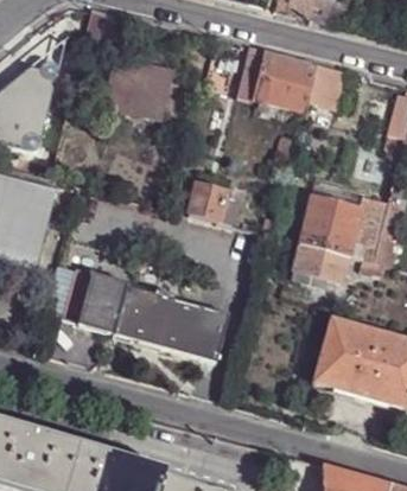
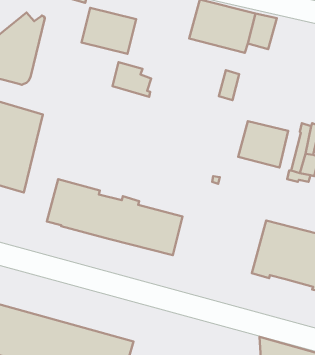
building: [186,180,234,223] -> [113,62,151,97]
building: [288,240,348,283] -> none

